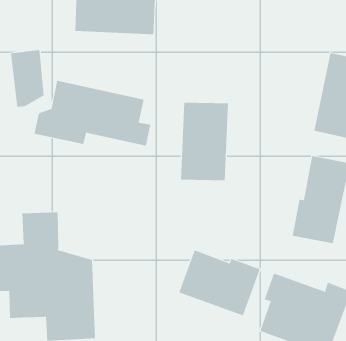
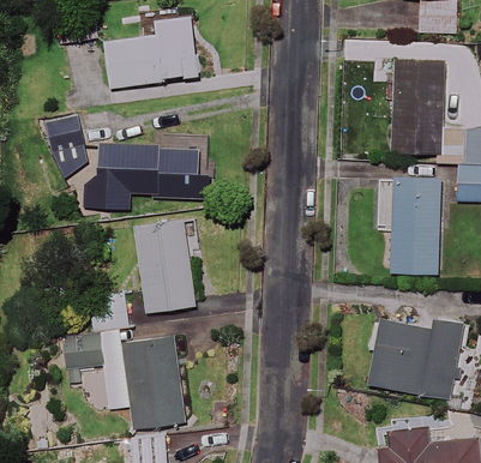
building: [180,102,229,181] -> [133,218,194,312]
building: [179,249,260,316] -> none

